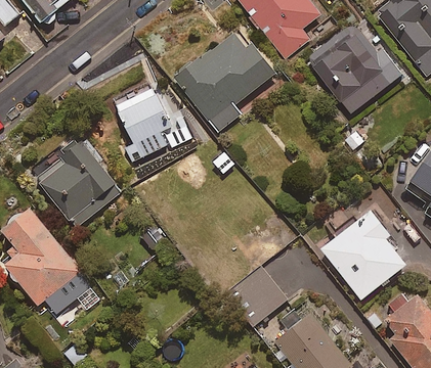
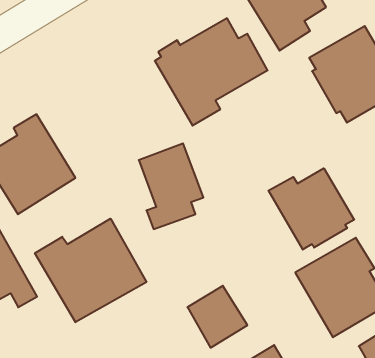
building: [111,81,171,158] -> [139,143,203,229]
building: none -> [268,168,354,250]
building: none -> [35,219,146,322]

